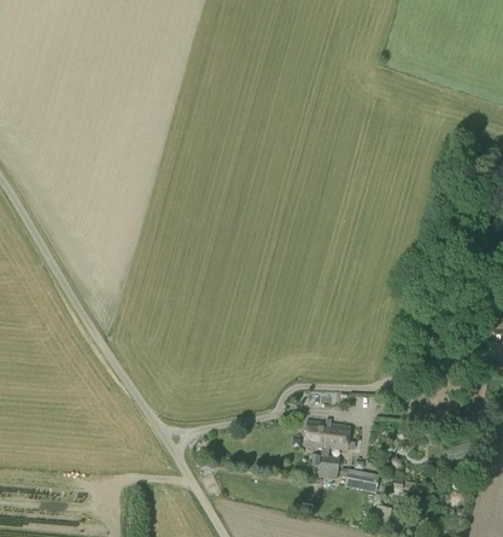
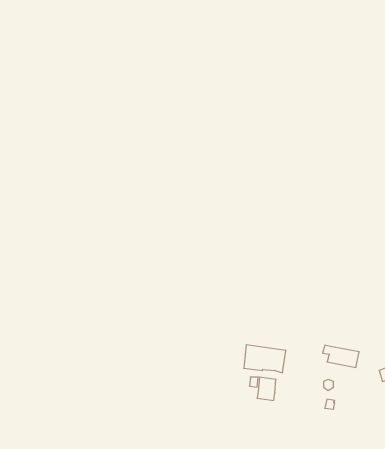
building: [339,467,379,491] -> [323,345,359,367]

